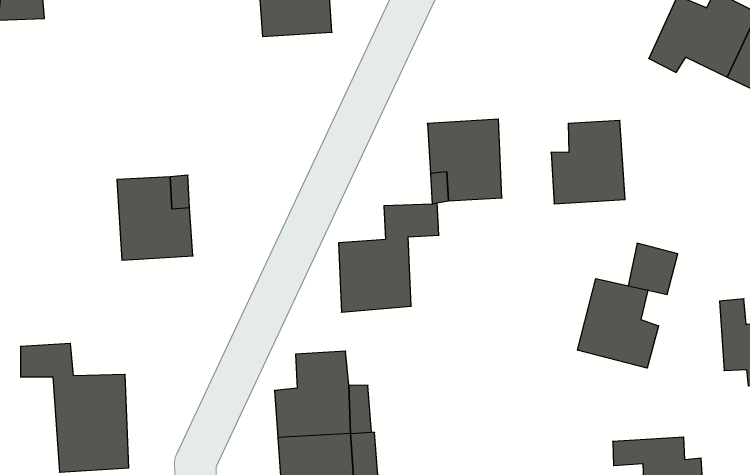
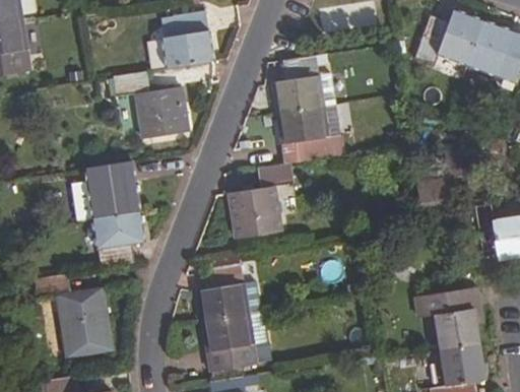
building: none -> [114,70,187,137]
building: [551,120,625,204] -> [273,55,323,112]
building: none -> [93,210,142,268]
building: [578,279,659,368] -> none

